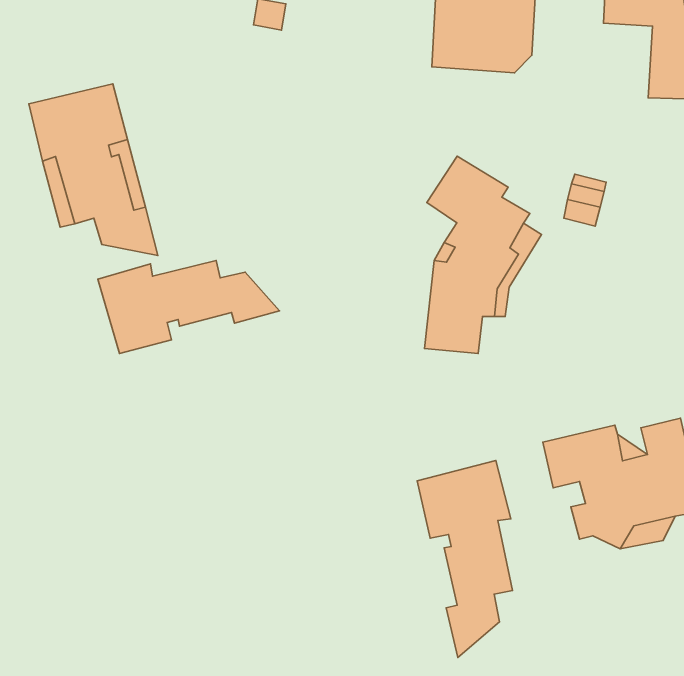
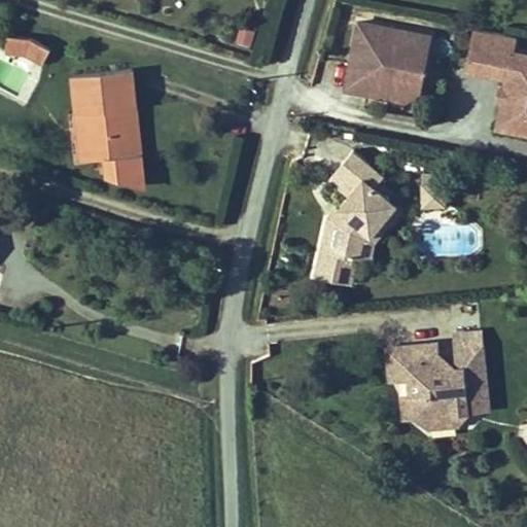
building: [98,261,279,353] -> none
building: [417,461,512,657] -> none

